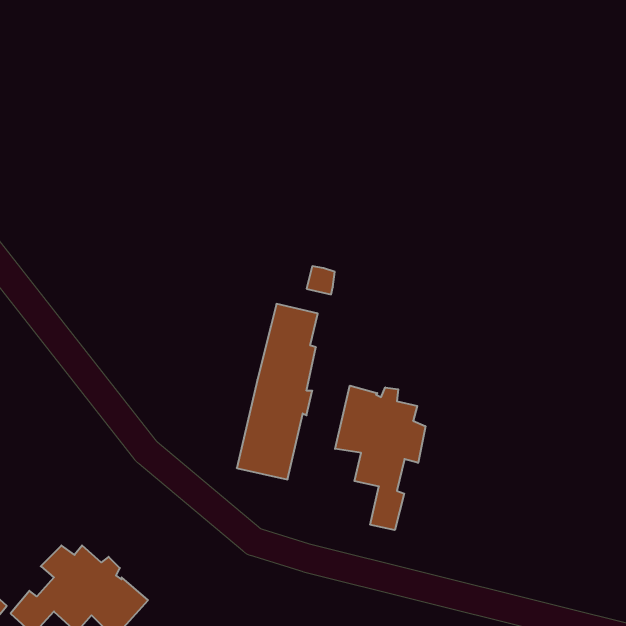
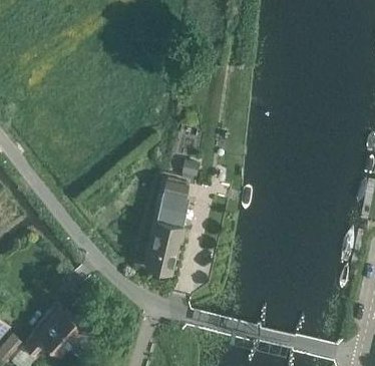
building: [335,386,425,530] -> none

